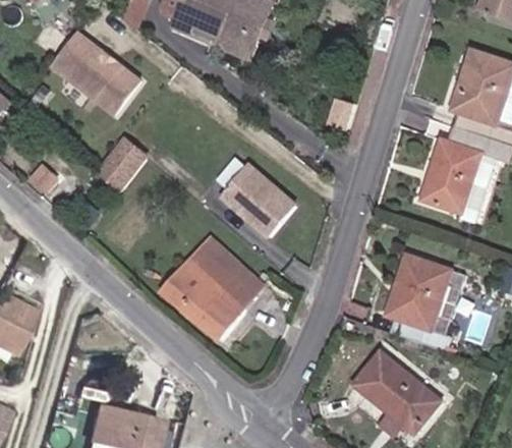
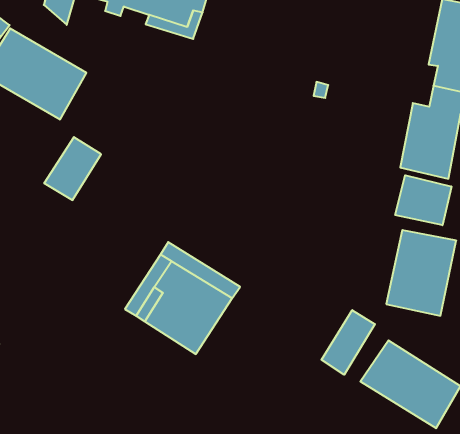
building: [224,162,300,241] -> none
building: none -> [395,175,451,225]
building: none -> [321,310,375,375]

